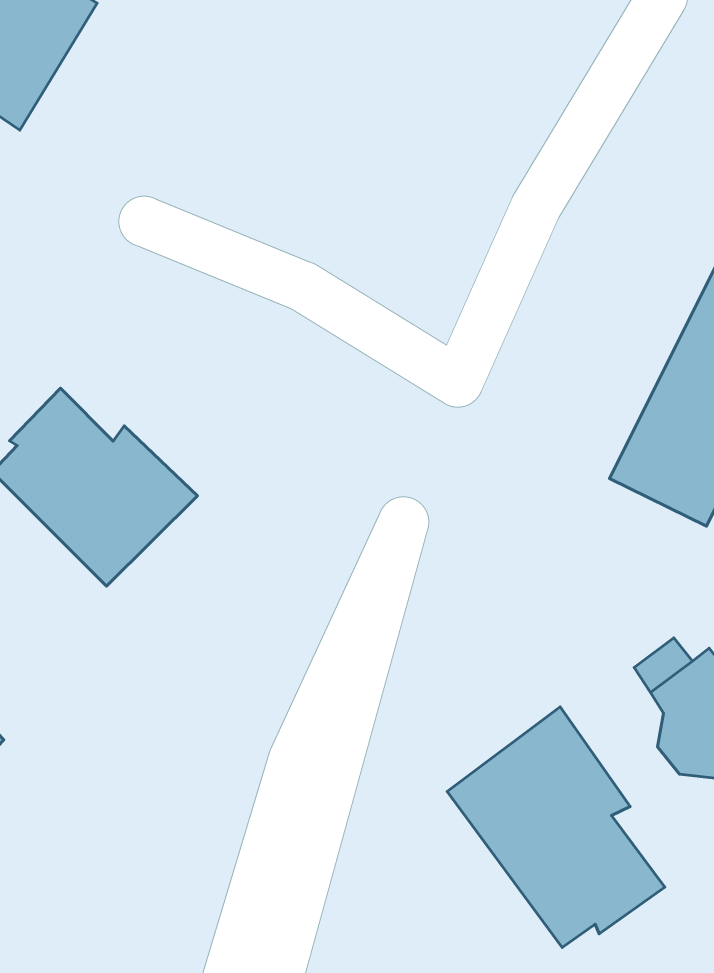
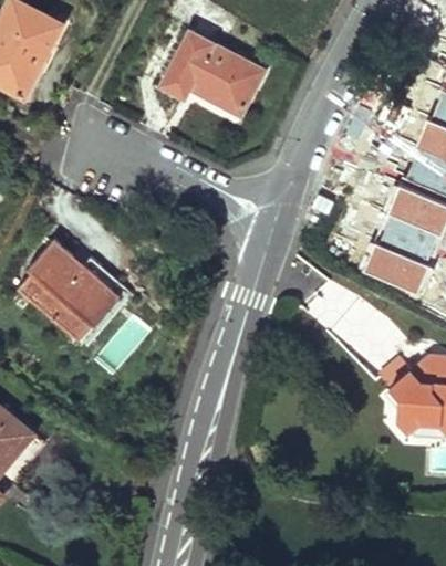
building: none -> [160,31,265,115]
building: [447,707,665,948] -> none

